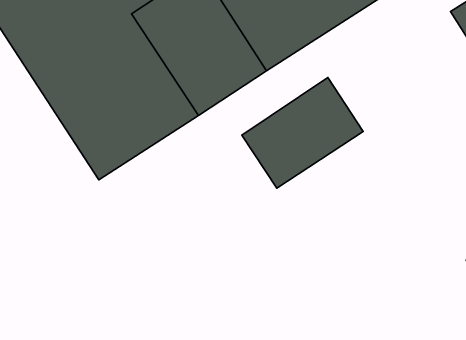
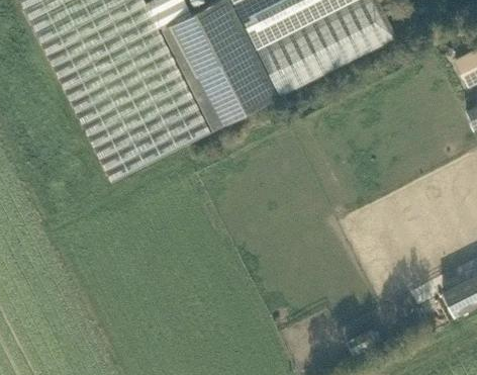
building: [242,78,363,188] -> none

